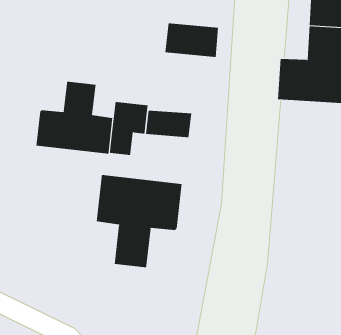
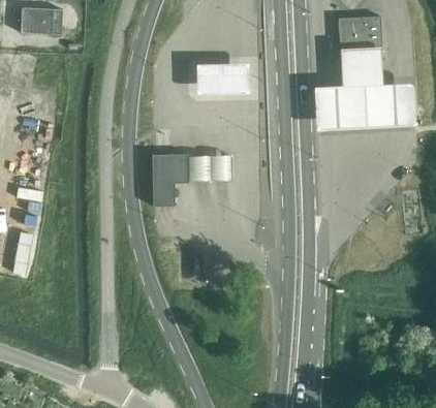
building: [36,81,113,154] -> none
building: [96,174,182,268] -> none

